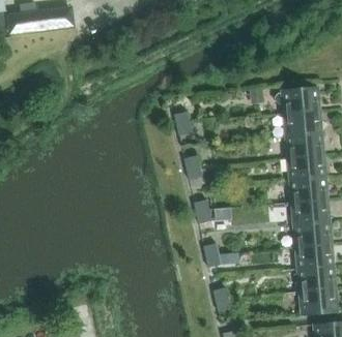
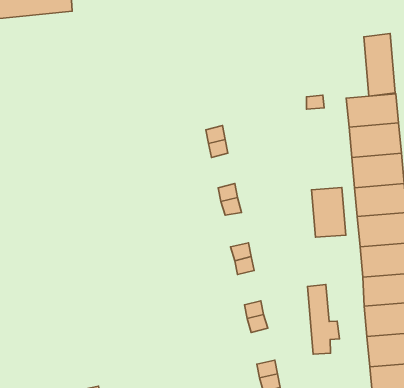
building: none -> [364,33,395,96]
building: none -> [311,188,346,237]
building: none -> [308,284,339,354]

